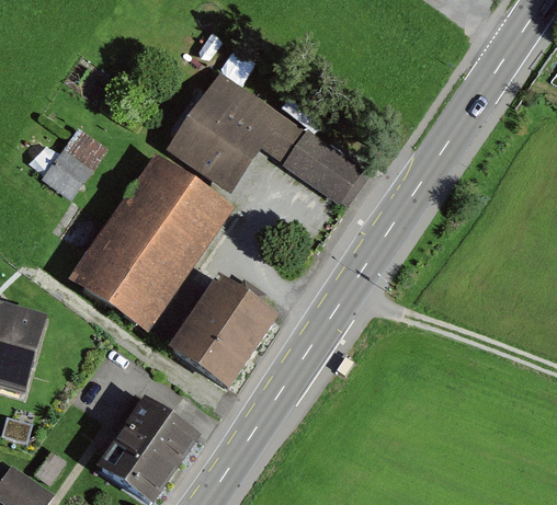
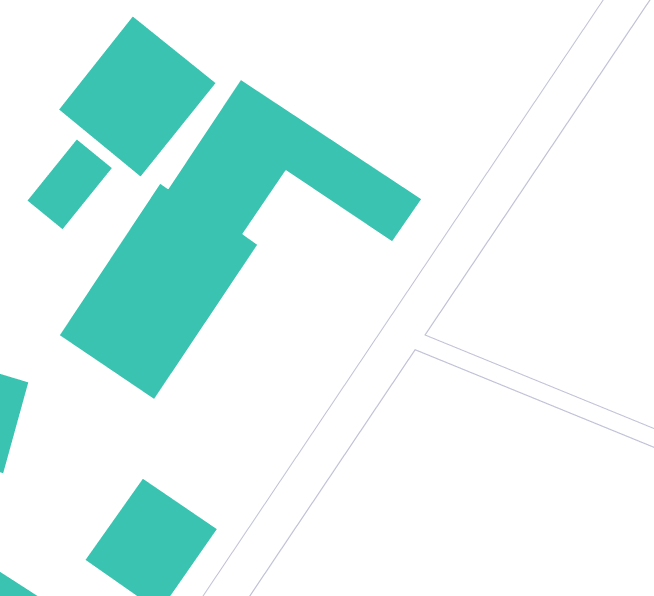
building: none -> [58,15,217,178]
building: [170,275,274,382] -> none

